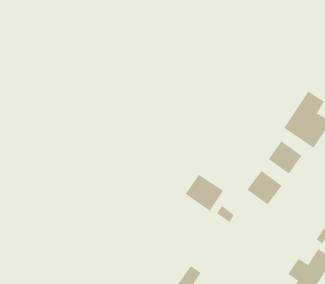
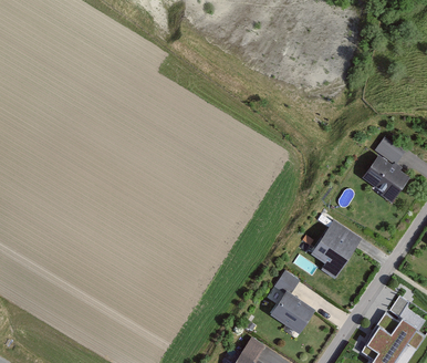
building: [268,141,302,174] -> none
building: [185,174,224,211] -> [273,292,317,334]

